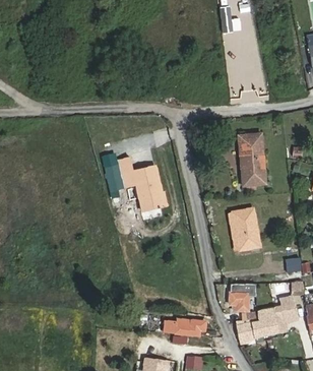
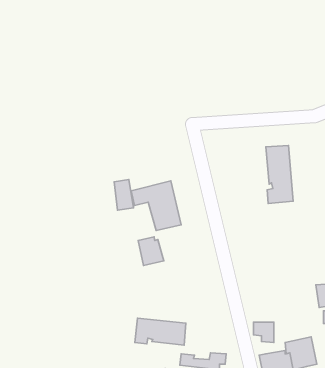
building: [233,208,260,250] -> none
building: none -> [138,237,164,266]
building: none -> [135,318,186,345]

